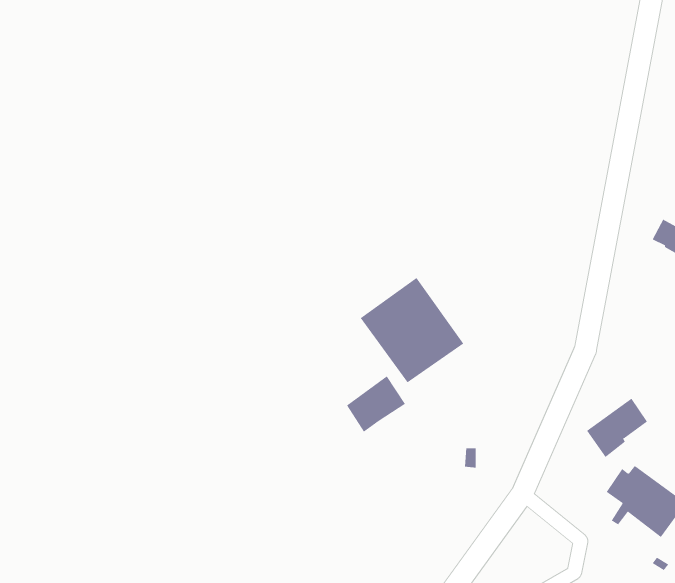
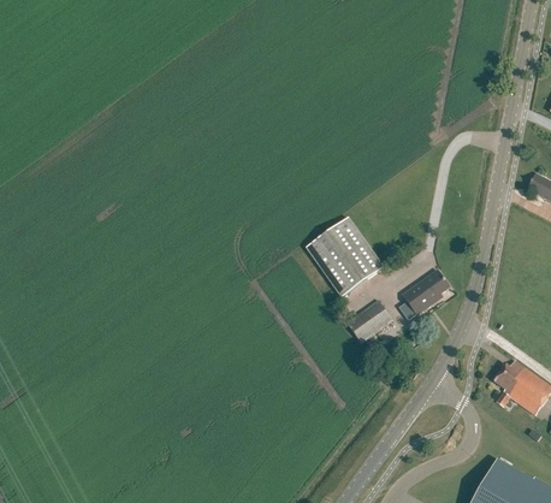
building: [346,376,406,432] -> [346,300,392,343]
building: [586,398,648,458] -> [402,270,449,315]

